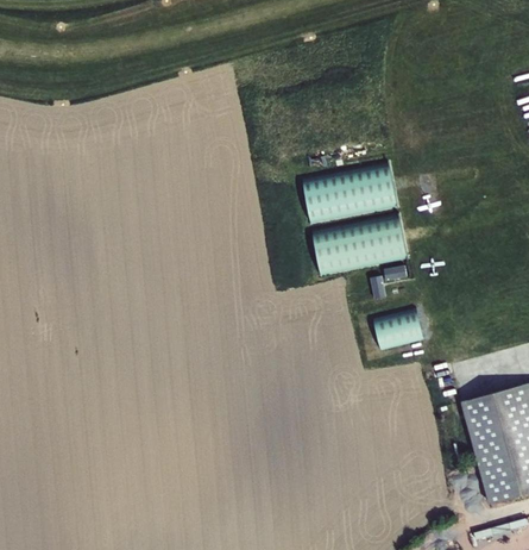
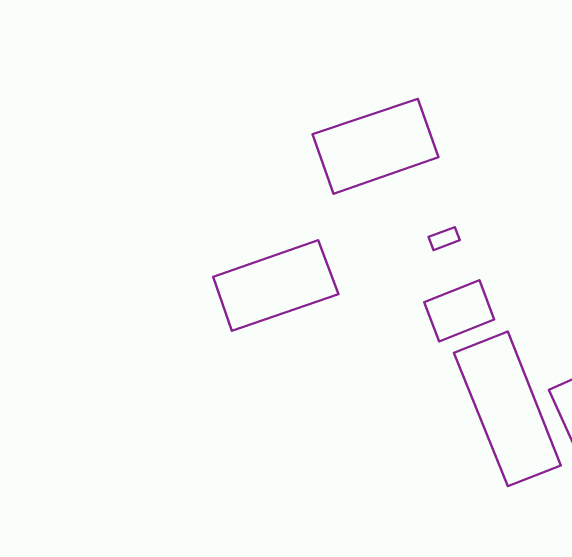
building: [313,215,408,276] -> [213,240,338,331]
building: none -> [454,331,561,486]

